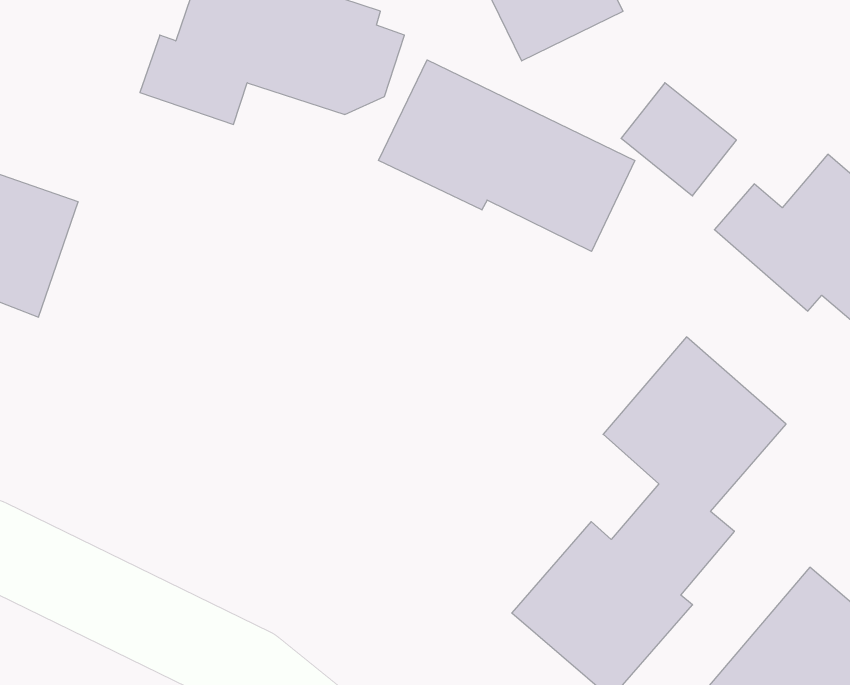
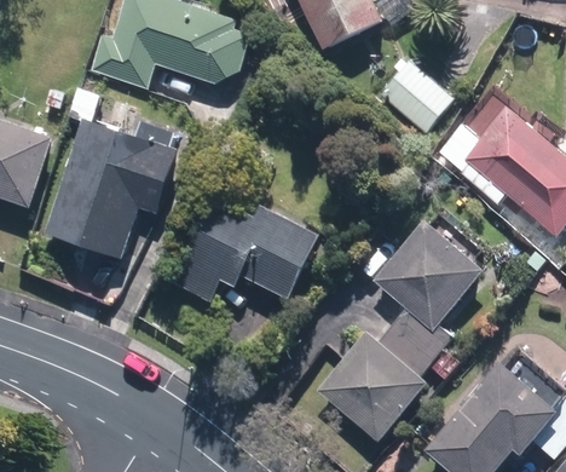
building: [379,60,635,251] -> none
building: none -> [44,119,178,260]
building: none -> [169,196,320,301]

